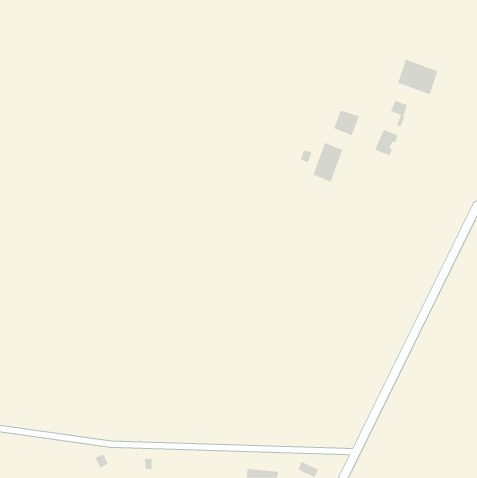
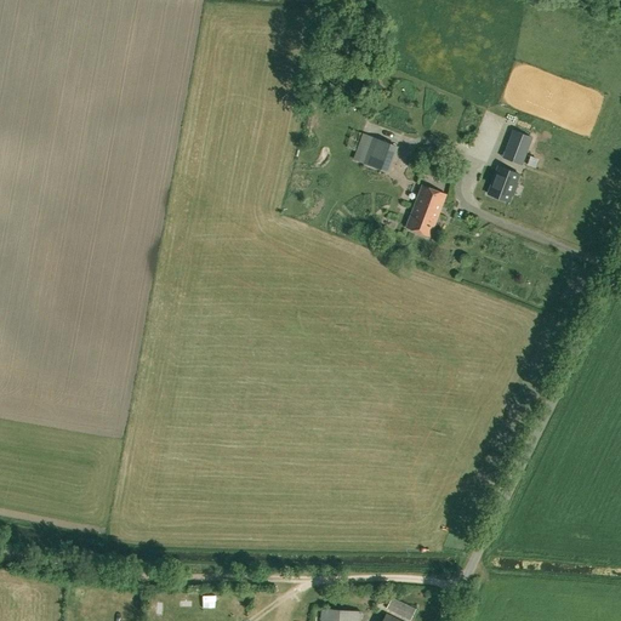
building: [397,59,438,95] -> none
building: [334,110,360,136] -> [363,138,397,172]

